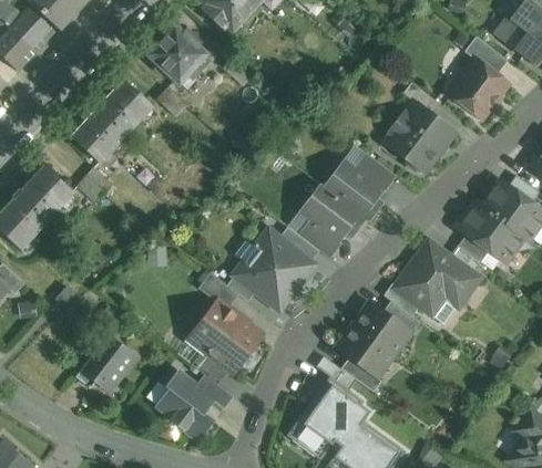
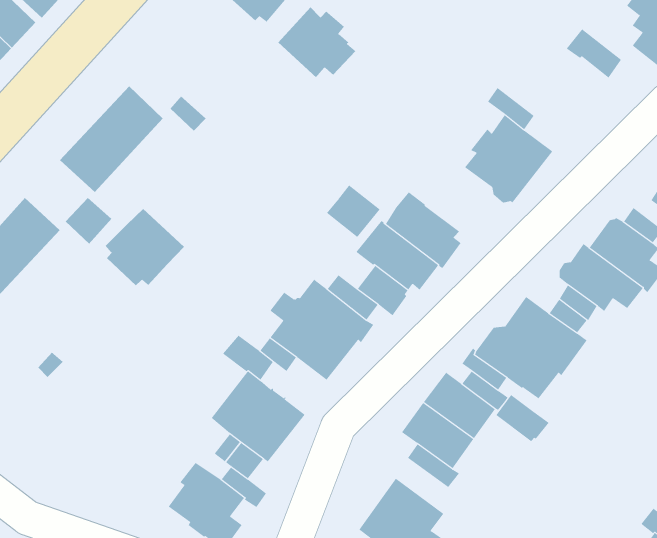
building: [150,27,211,82] -> [277,7,356,78]
building: [450,59,508,118] -> none
building: [356,156,397,194] -> none
building: none -> [326,184,380,238]
building: none -> [105,208,185,286]
building: none -> [495,394,549,442]
building: [75,336,133,389] -> none

